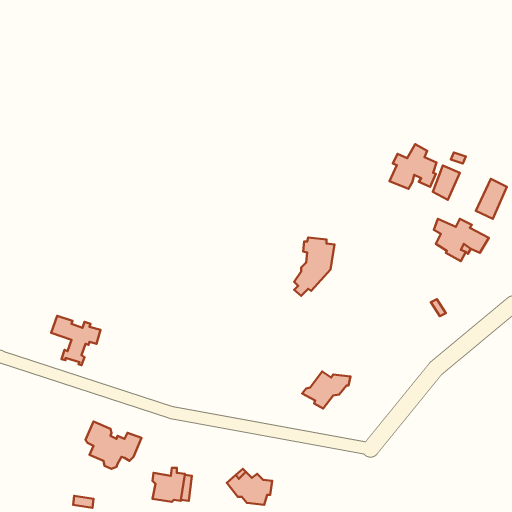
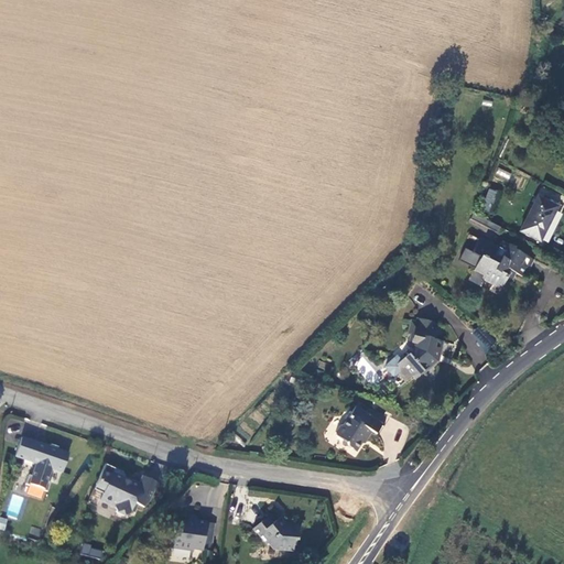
building: [389,144,437,189] -> none
building: [294,237,334,296] -> [399,321,443,384]
building: [51,316,100,365] -> [13,437,67,491]

